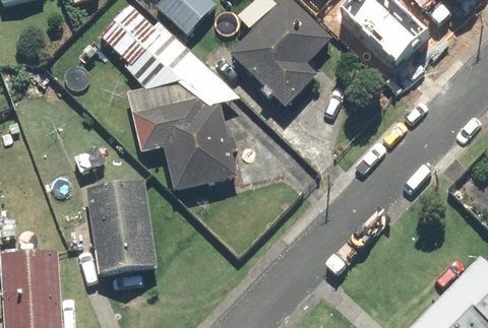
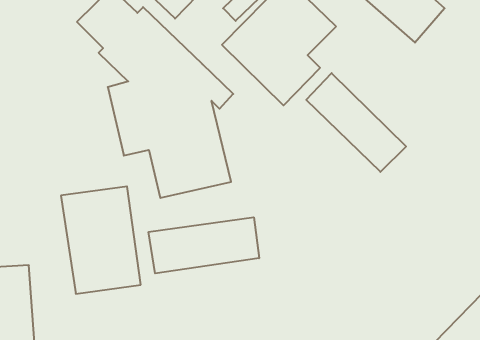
building: none -> [306,73,406,172]
building: none -> [149,217,259,273]

